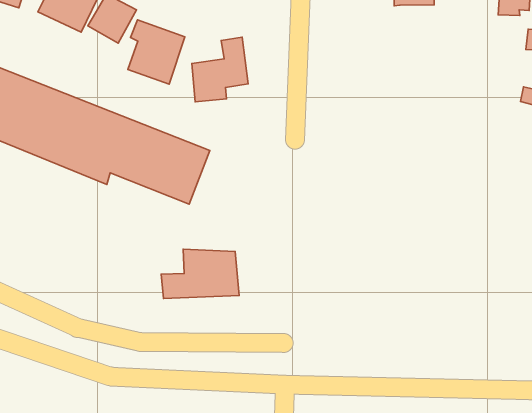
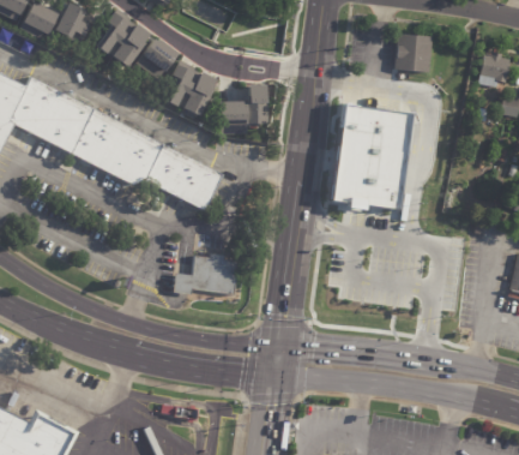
building: none -> [328,102,409,208]

